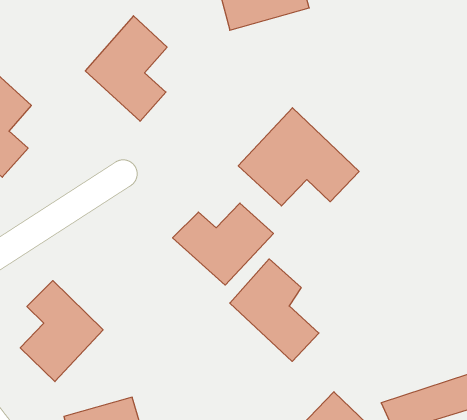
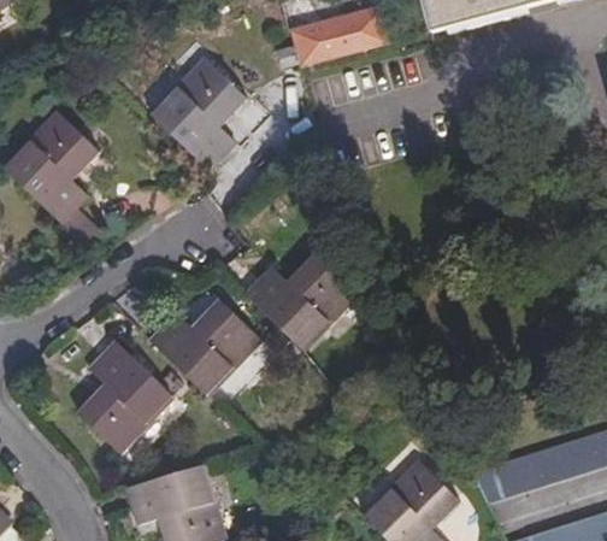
building: [238,108,359,206] -> none
building: none -> [148,301,257,392]
building: [230,259,319,361] -> none

